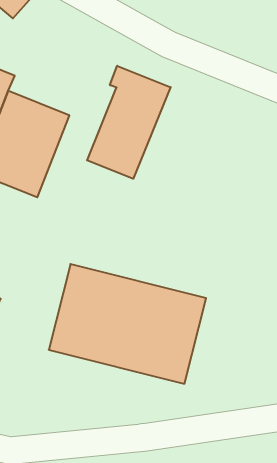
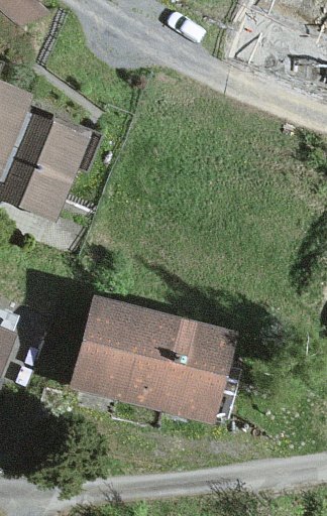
building: [87,66,171,179] -> none

